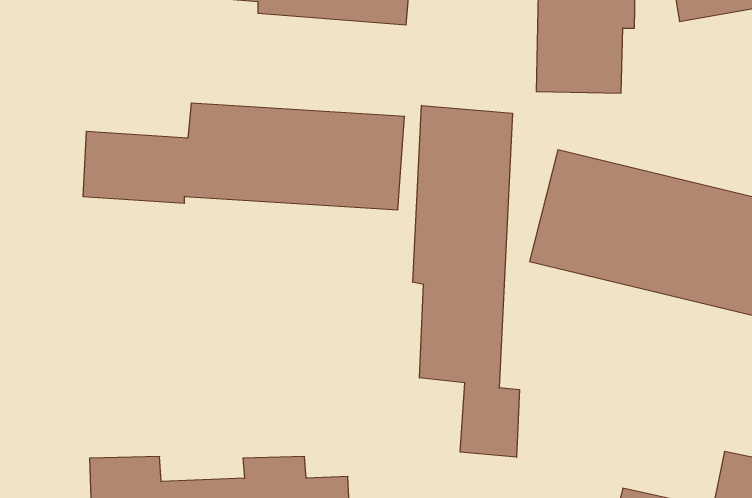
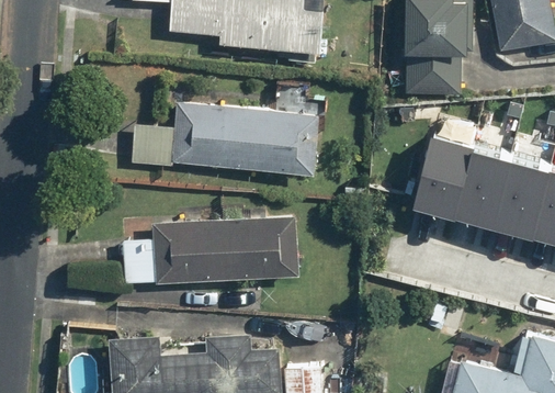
building: [413,105,519,457] -> none
building: none -> [123,216,297,281]

